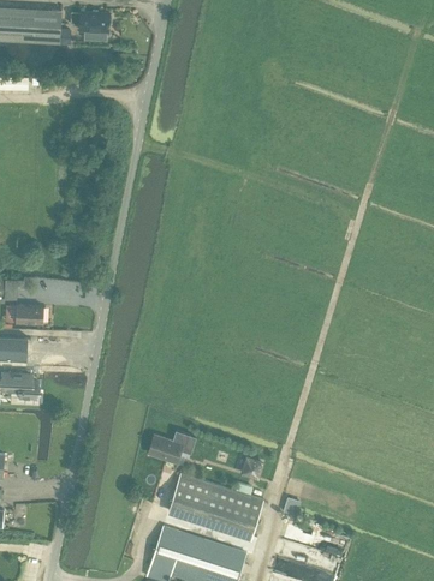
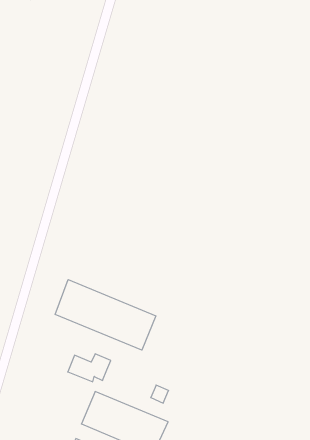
building: none -> [55,280,156,350]

